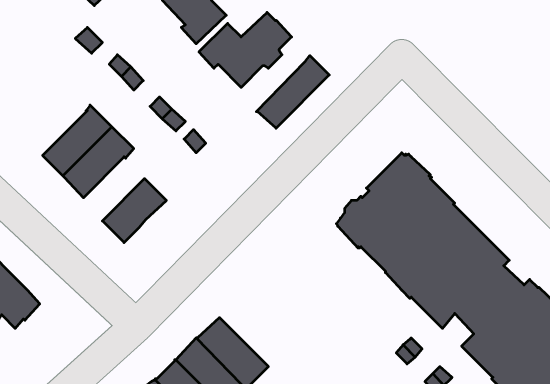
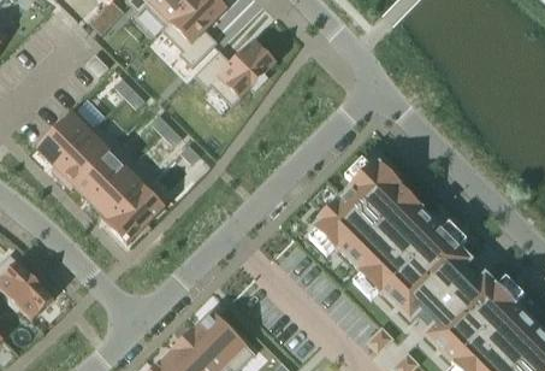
building: [256,56,329,128] -> none
building: none -> [37,107,96,166]
building: none -> [93,167,147,224]

